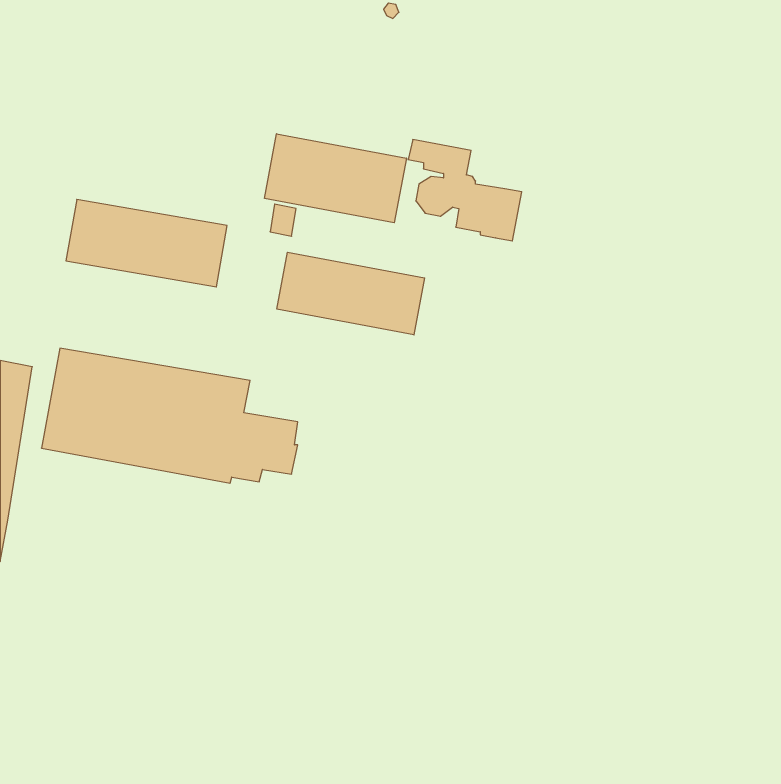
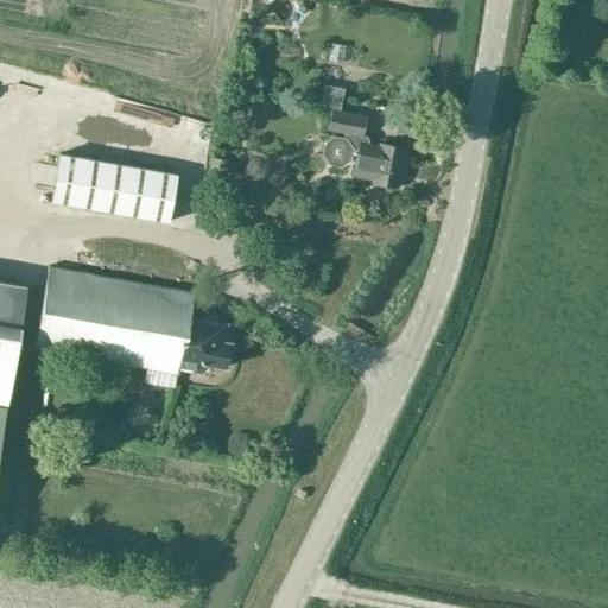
building: [265,134,406,223] -> none
building: [277,252,425,335] -> none

